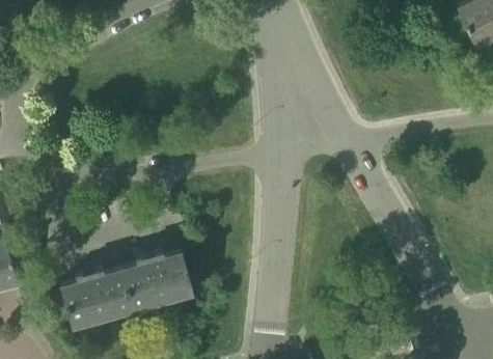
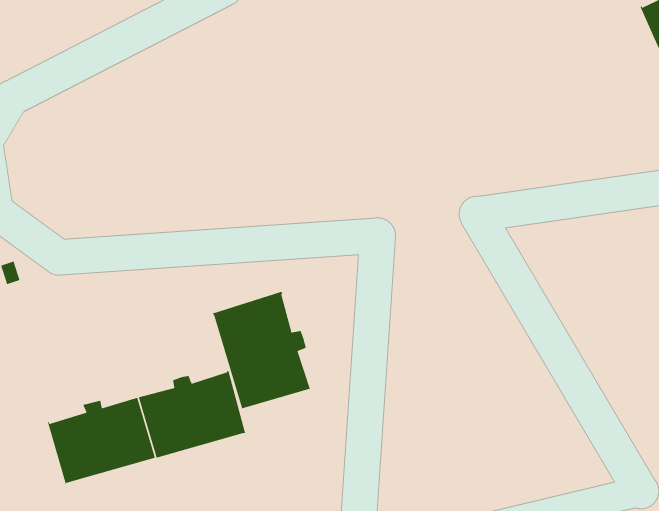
building: none -> [212,291,311,410]

